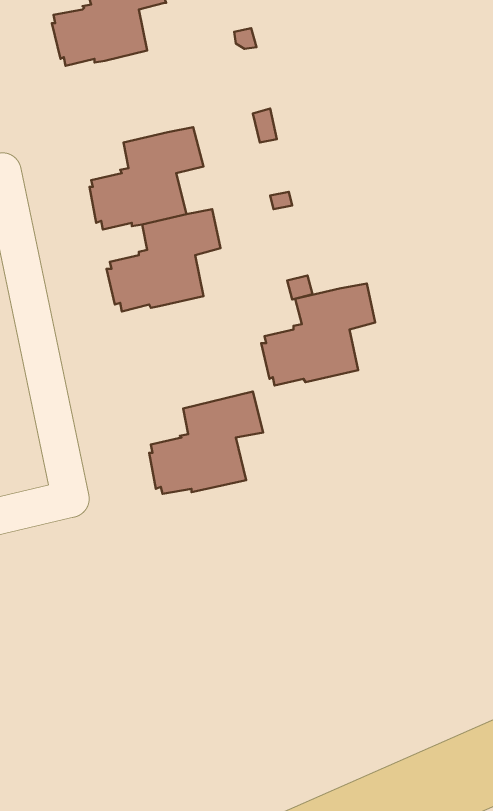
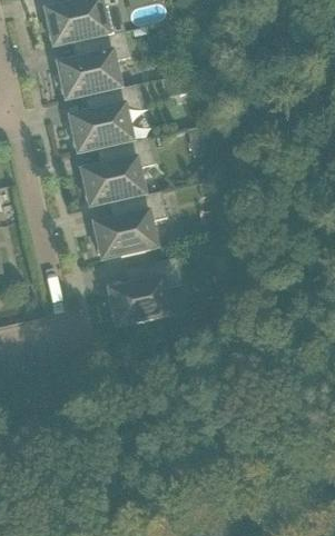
building: none -> [56,30,130,97]
building: [261,283,375,386] -> [91,190,166,257]

